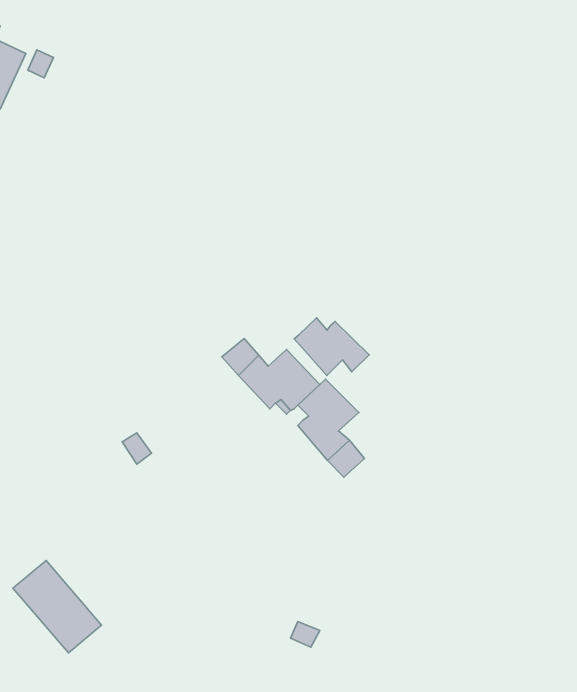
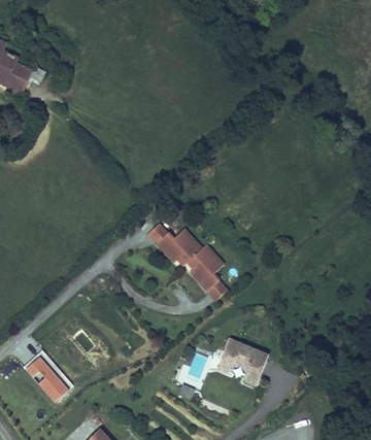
building: [294,318,369,375] -> none
building: none -> [214,343,265,390]

